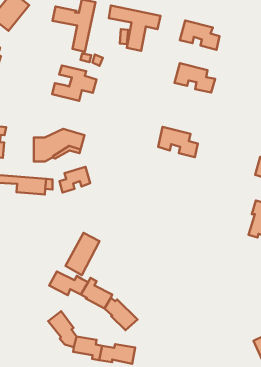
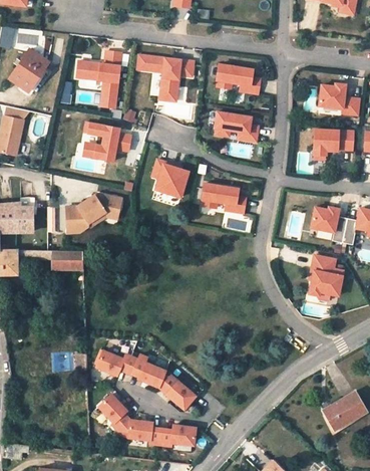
building: none -> [152,161,189,198]
building: [59,167,90,192] -> none
building: [66,233,100,275] -> none

